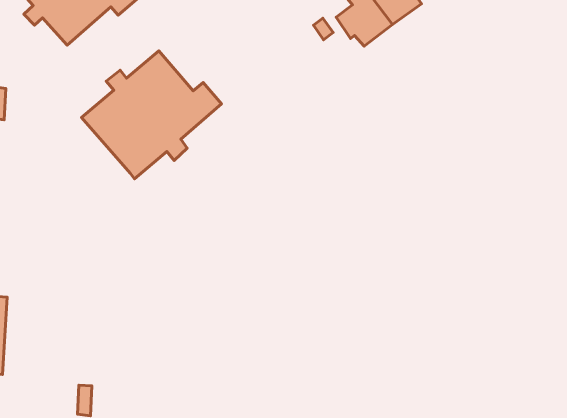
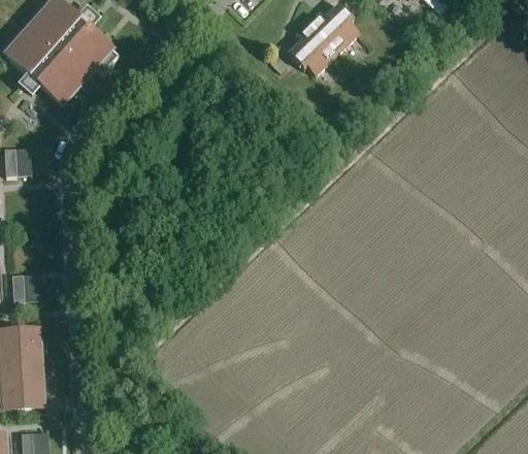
building: [82,51,221,179] -> none

